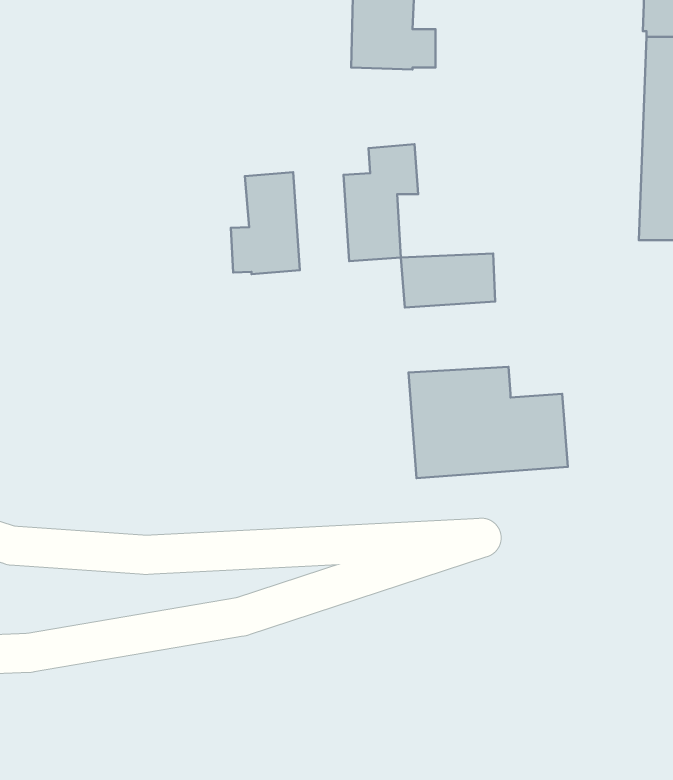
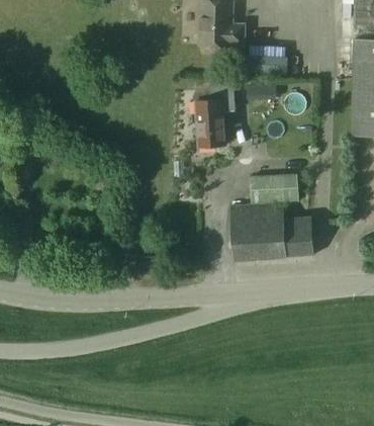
building: [231,172,300,274] -> none
building: [401,254,495,307] -> [249,175,298,203]

